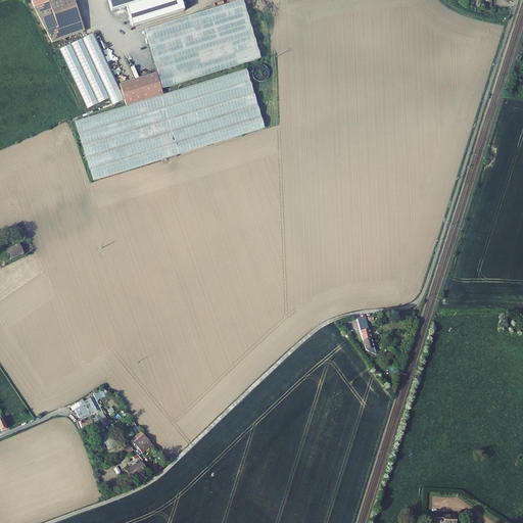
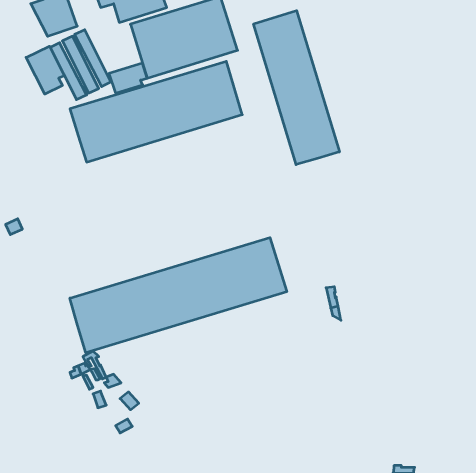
building: none -> [254,11,339,165]
building: none -> [26,46,65,94]
building: none -> [70,238,287,353]

